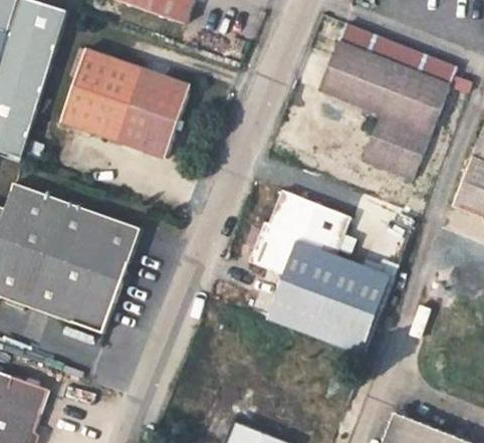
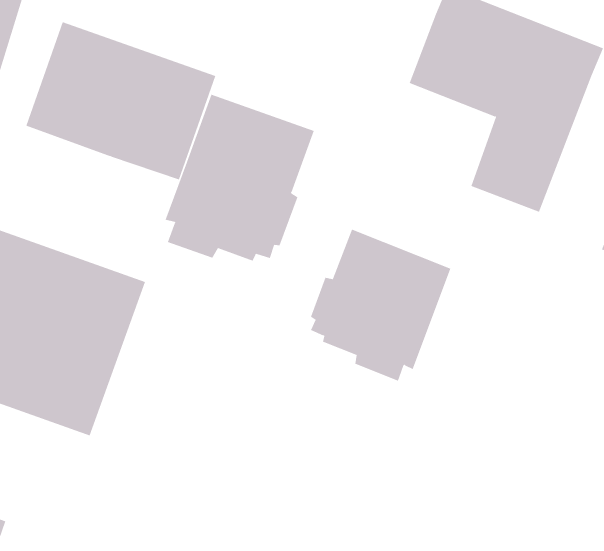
building: none -> [165,94,315,261]
building: [270,254,393,357] -> none

